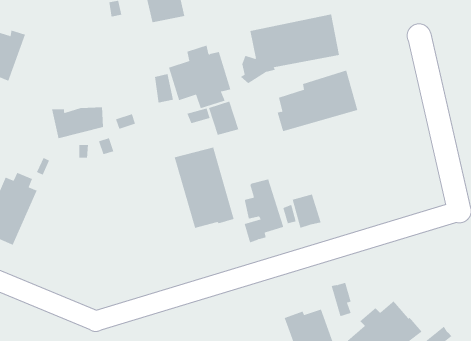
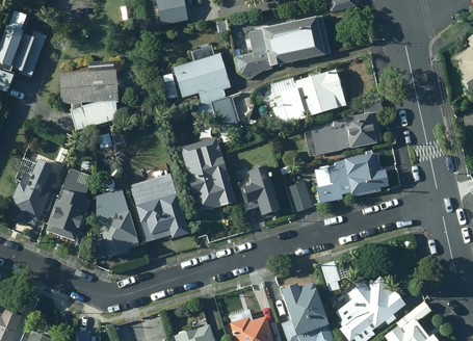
building: none -> [58,70,117,104]
building: none -> [306,109,383,155]
building: none -> [317,152,390,199]
building: none -> [45,166,93,241]
building: none -> [128,167,189,243]
building: none -> [93,189,138,259]

